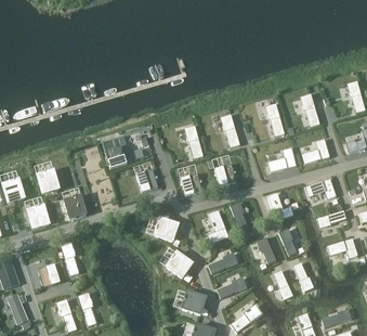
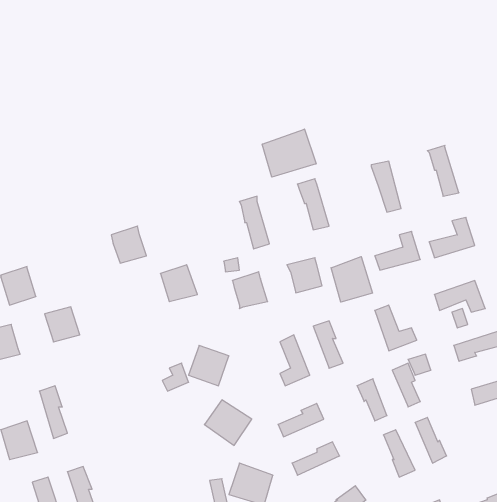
building: none -> [262,129,316,177]
building: none -> [331,257,373,302]

